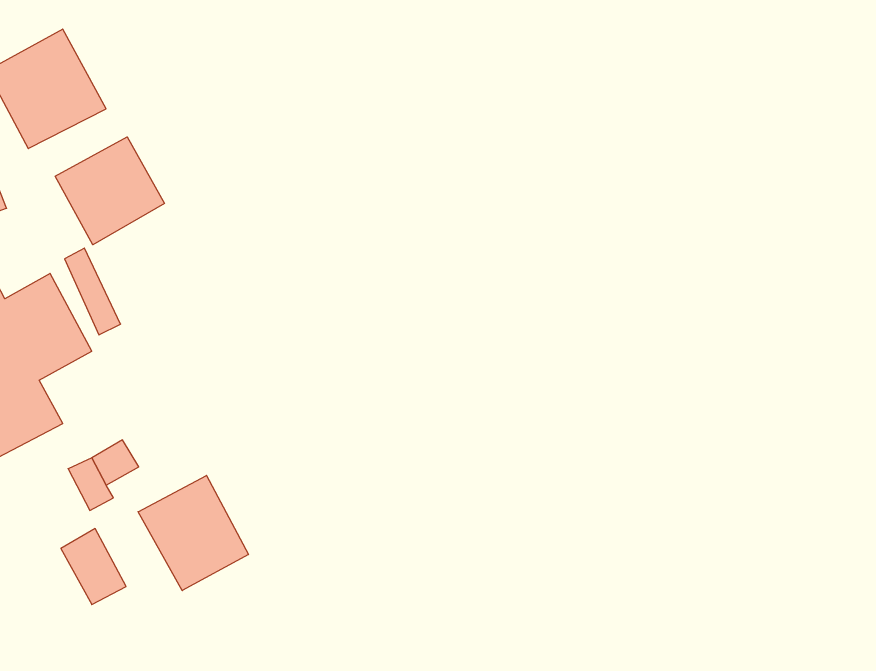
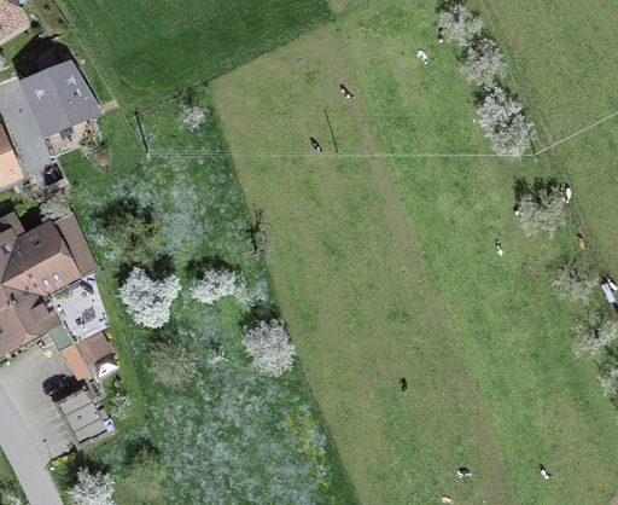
building: [55,137,164,245] -> none
building: [138,475,248,591] -> none

